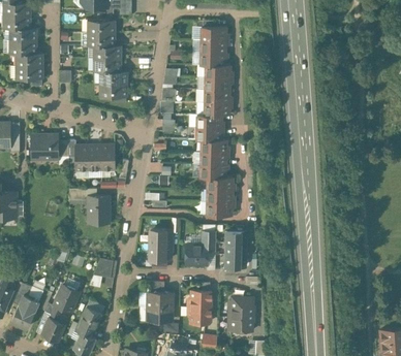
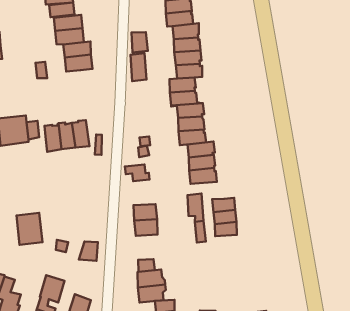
building: [88,195,110,223] -> [16,213,42,245]
building: [186,245,208,264] -> none
building: [187,290,212,325] -> none
building: [228,298,253,333] -> none

